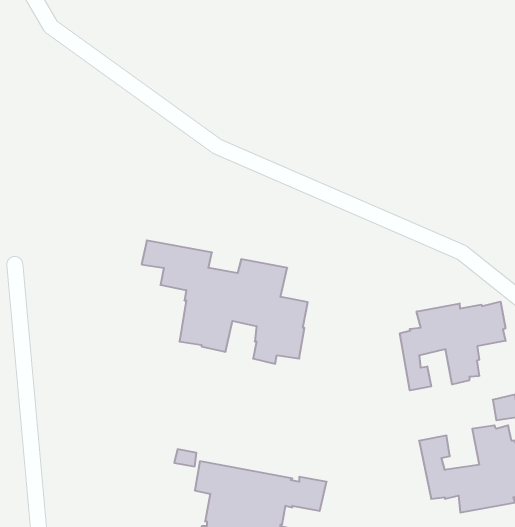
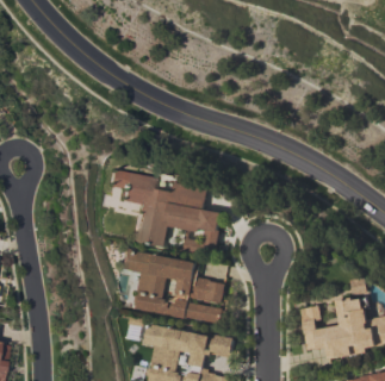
building: [400,302,506,390] -> none
building: none -> [119,246,229,324]

